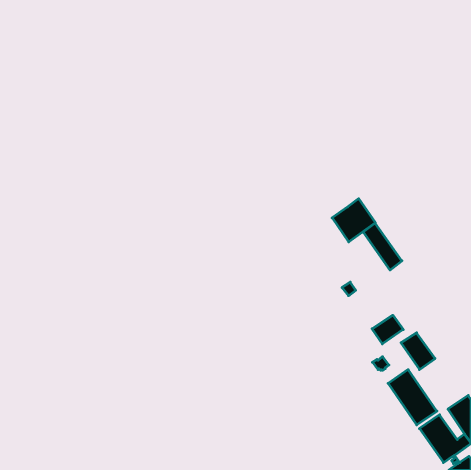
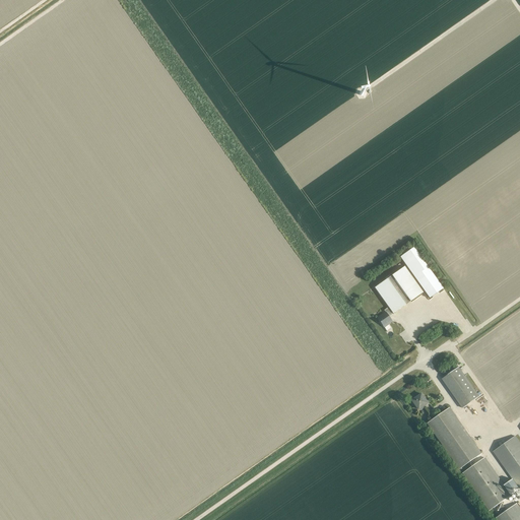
building: [332,199,375,242] -> [375,265,422,313]
building: [372,315,403,344] -> none

